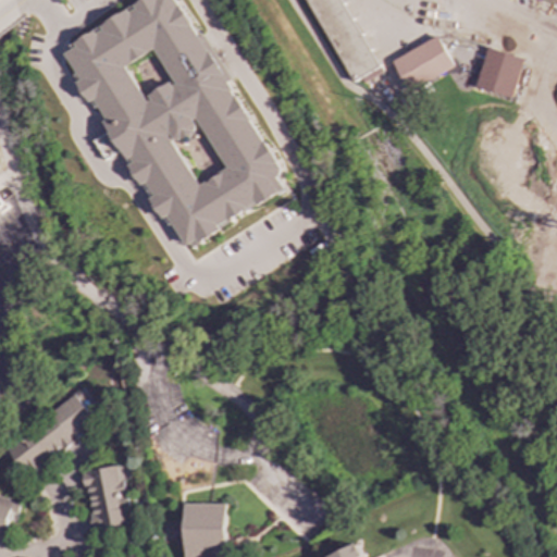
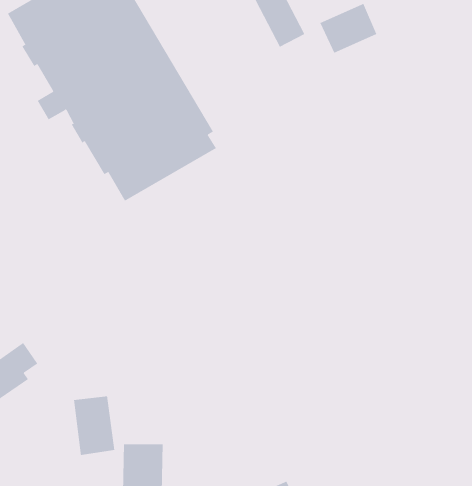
building: [474,46,523,97] -> none
building: [84,466,128,529] -> [73,396,115,455]

